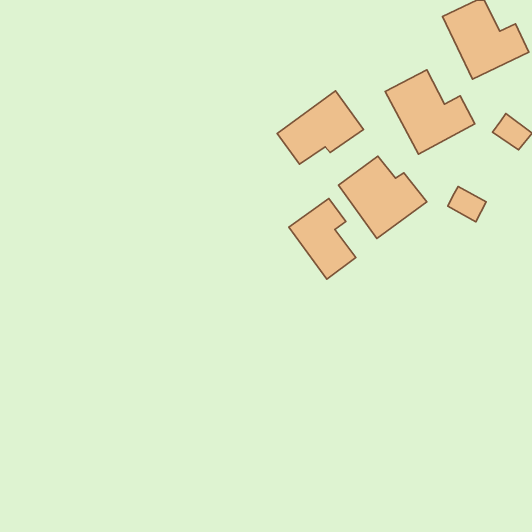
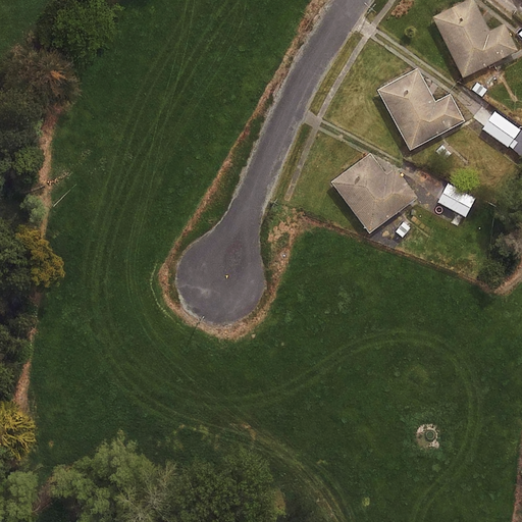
building: [277,91,364,164] -> none
building: [289,198,356,279] -> none

